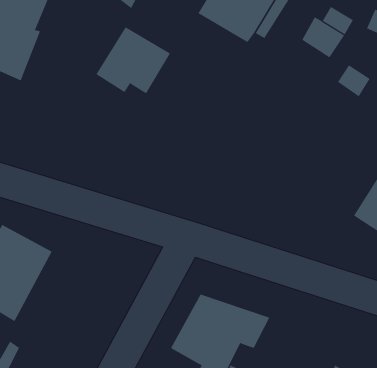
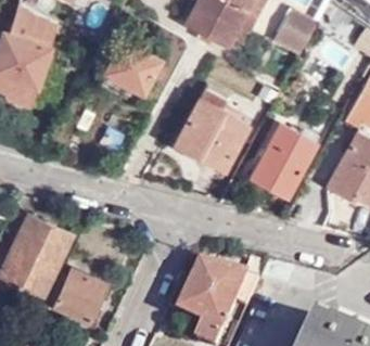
building: none -> [178,99,250,172]
building: none -> [252,126,316,194]
building: none -> [54,269,107,323]

